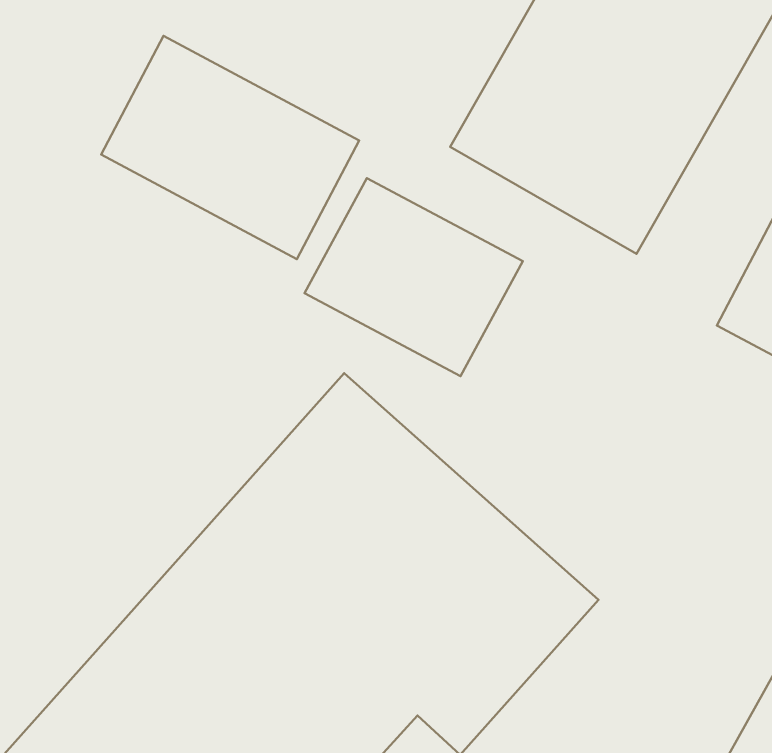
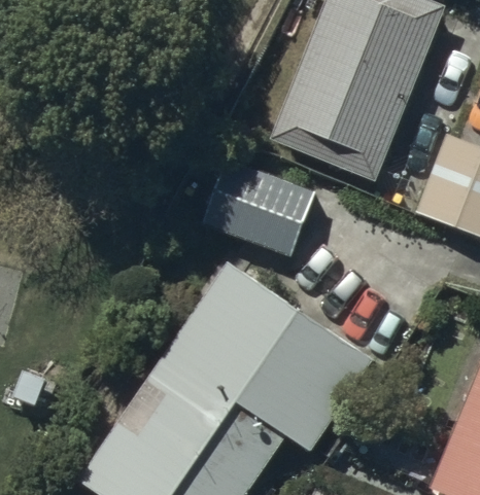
building: [101,36,359,259] -> none

